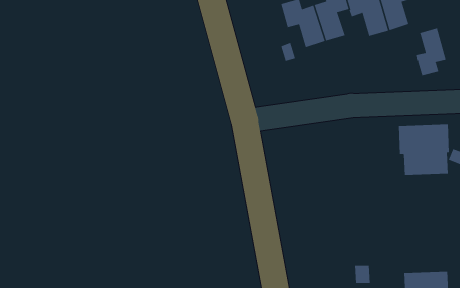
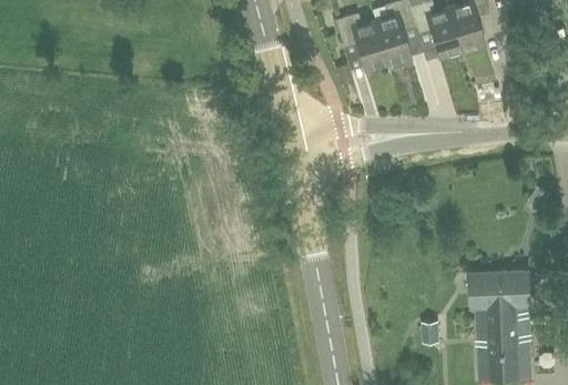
building: [416,28,447,76] -> none
building: [398,124,450,176] -> [471,271,531,331]

